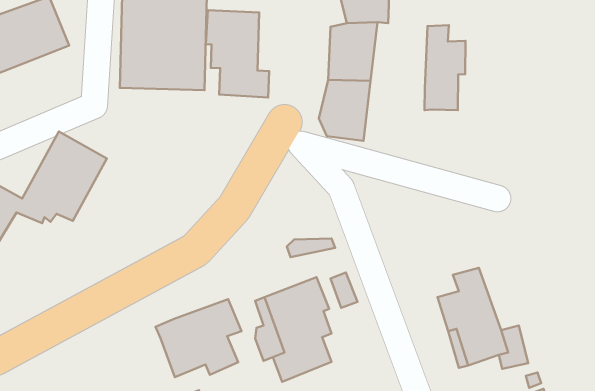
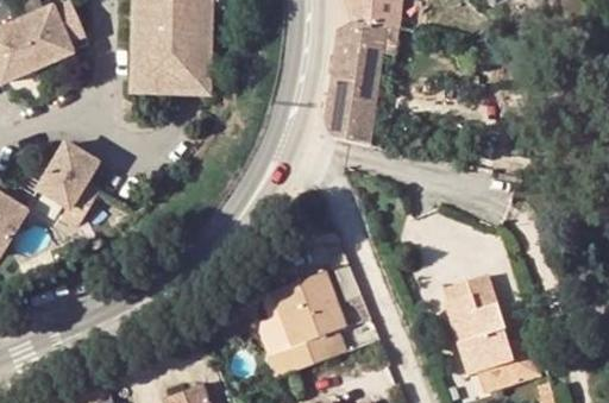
building: [206,10,269,97] -> none
building: [424,25,465,110] -> none
building: [155,299,242,377] -> none

